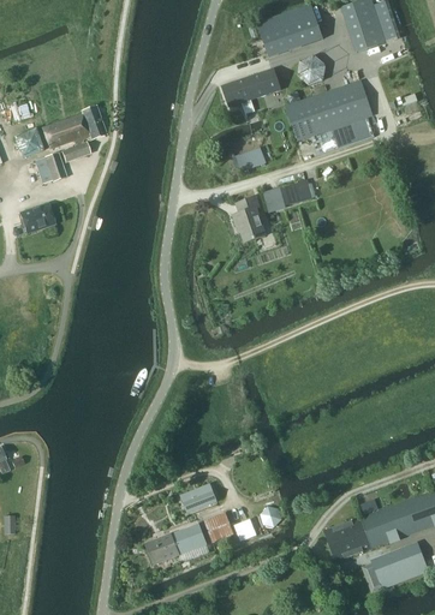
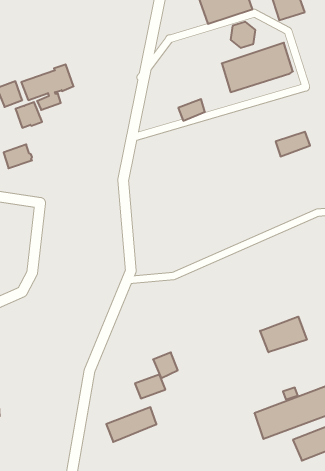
building: [221,67,280,113] -> none
building: [332,118,374,148] -> [276,132,310,156]
building: [279,178,312,205] -> none
building: [232,196,266,241] -> none
building: none -> [260,317,307,352]
building: [203,512,233,543] -> [153,352,178,378]

